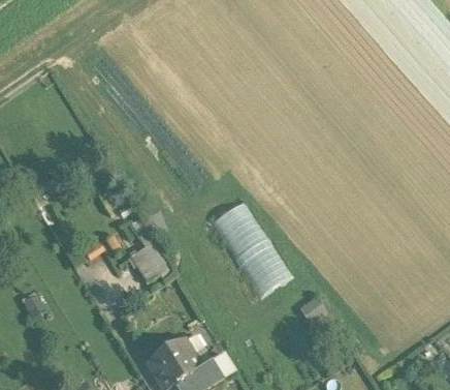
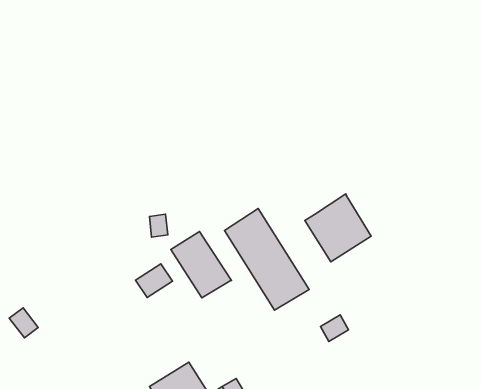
building: none -> [305,194,371,262]
building: none -> [171,231,231,298]

